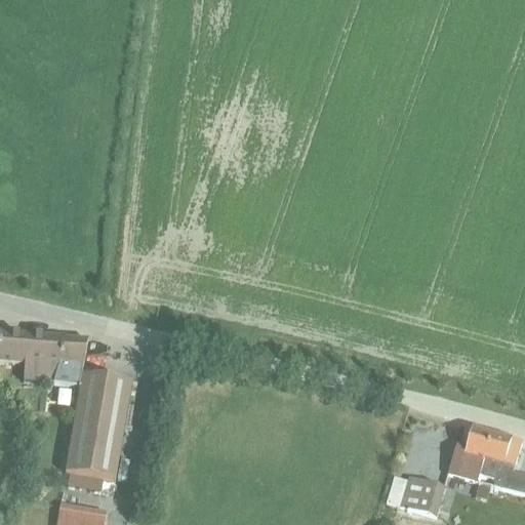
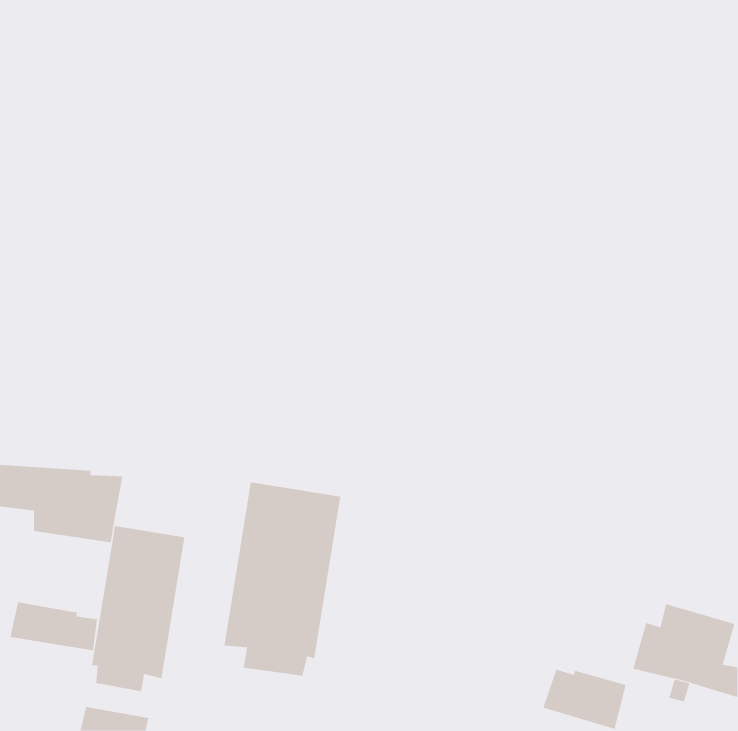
building: none -> [224,482,341,677]
building: none -> [10,602,97,651]

